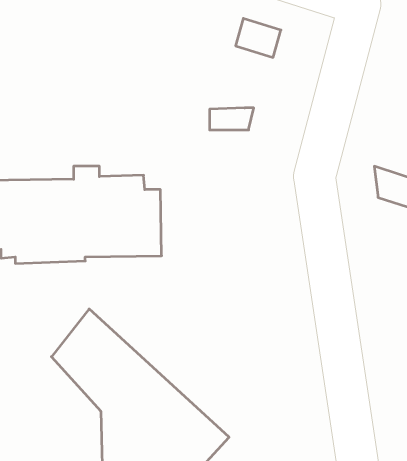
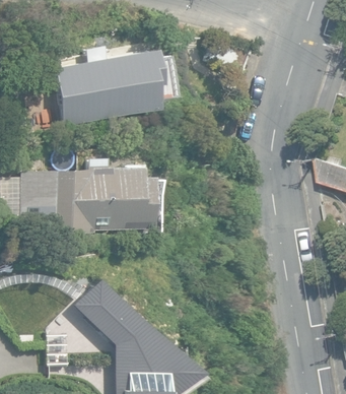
building: none -> [47,47,150,127]

